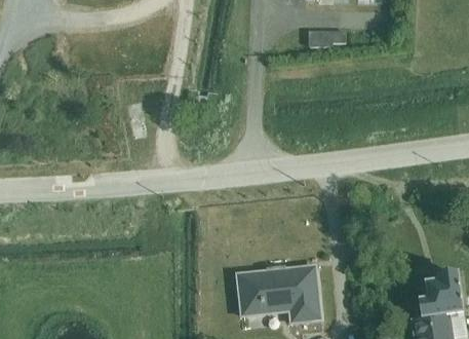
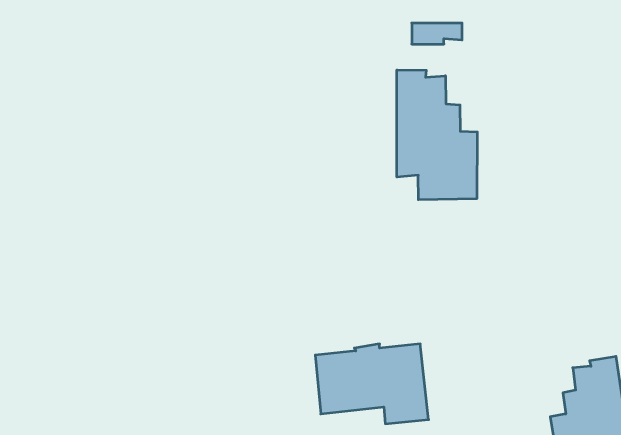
building: none -> [397,70,477,200]

